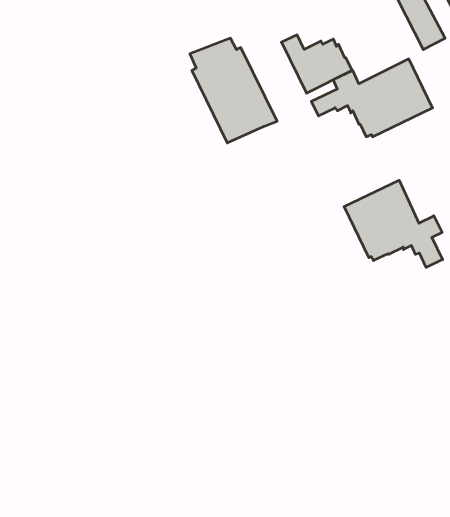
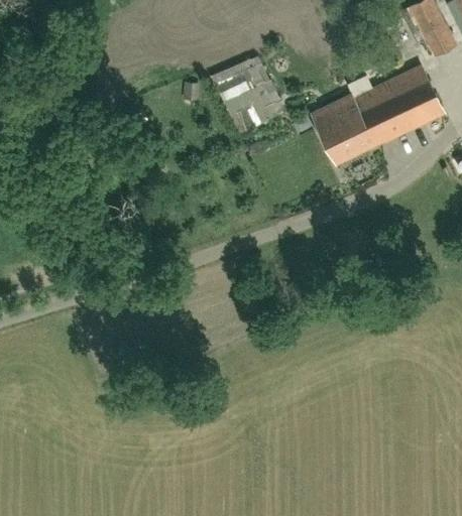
building: [281,35,352,93] -> [311,107,379,163]
building: [344,180,443,267] -> none

